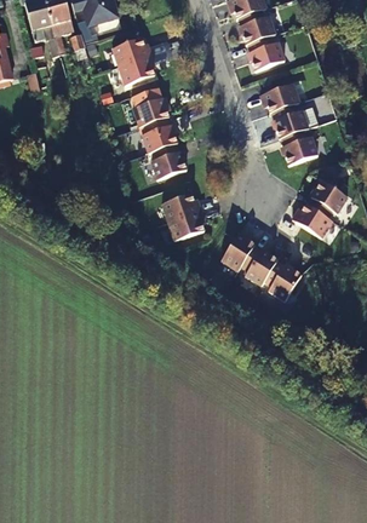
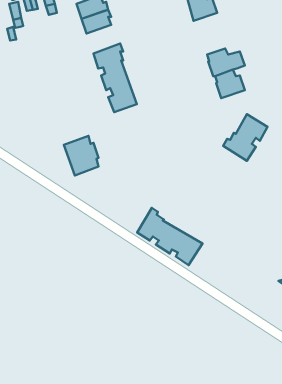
building: [259,81,299,110] -> none
building: [161,192,203,241] -> [64,136,98,176]
building: [220,230,300,300] -> [137,208,202,265]

